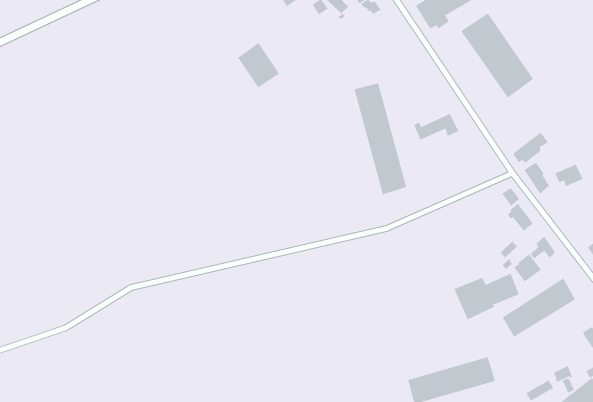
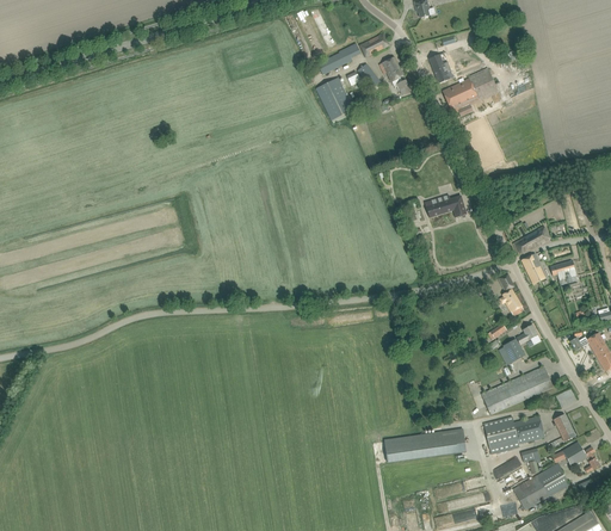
building: [461,13,534,99] -> none
building: [237,42,280,88] -> [315,76,353,119]
building: [354,83,407,195] -> none
building: [454,273,519,320] -> [483,415,544,453]

